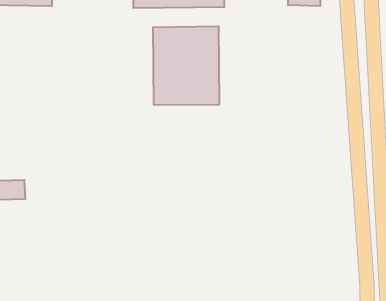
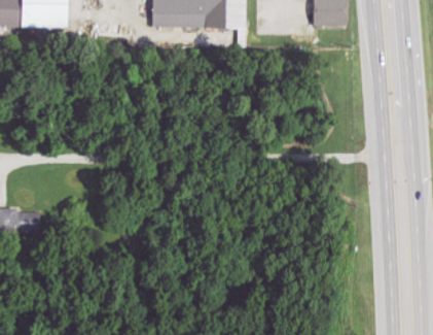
building: [153,26,219,105] -> none

